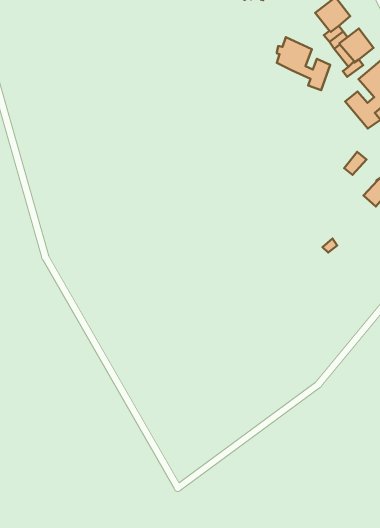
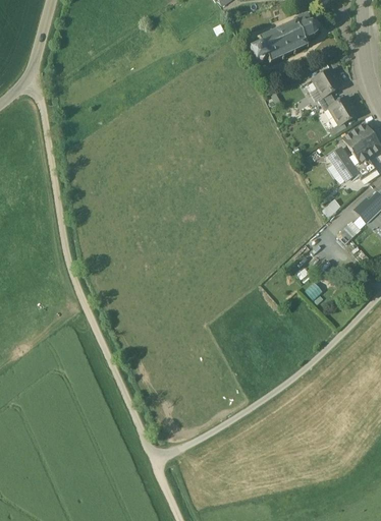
building: [277,37,330,90] -> none

